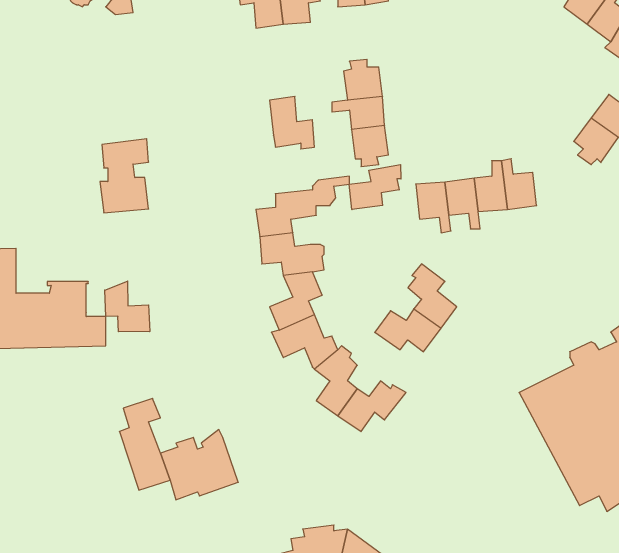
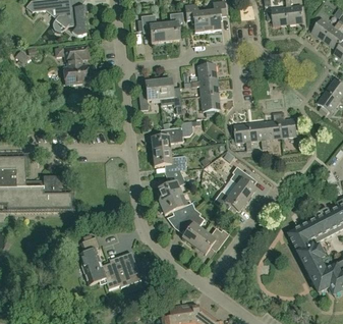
building: none -> [138,80,160,110]
building: [100,139,149,213] -> [63,45,89,84]
building: [349,165,401,210] -> none
building: [105,281,150,332] -> none

